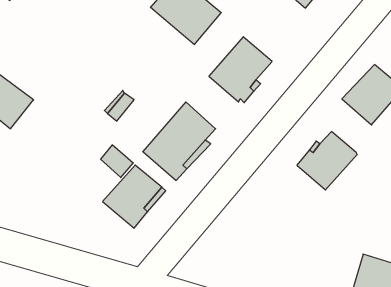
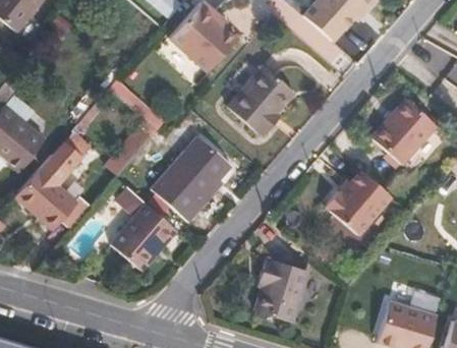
building: none -> [14,132,91,229]
building: none -> [252,266,302,323]

